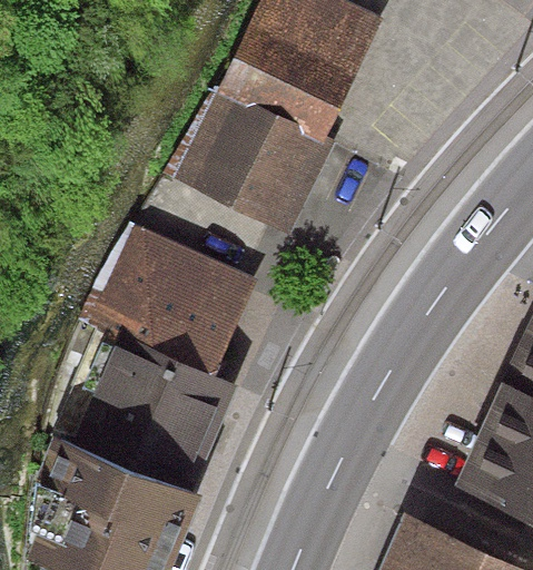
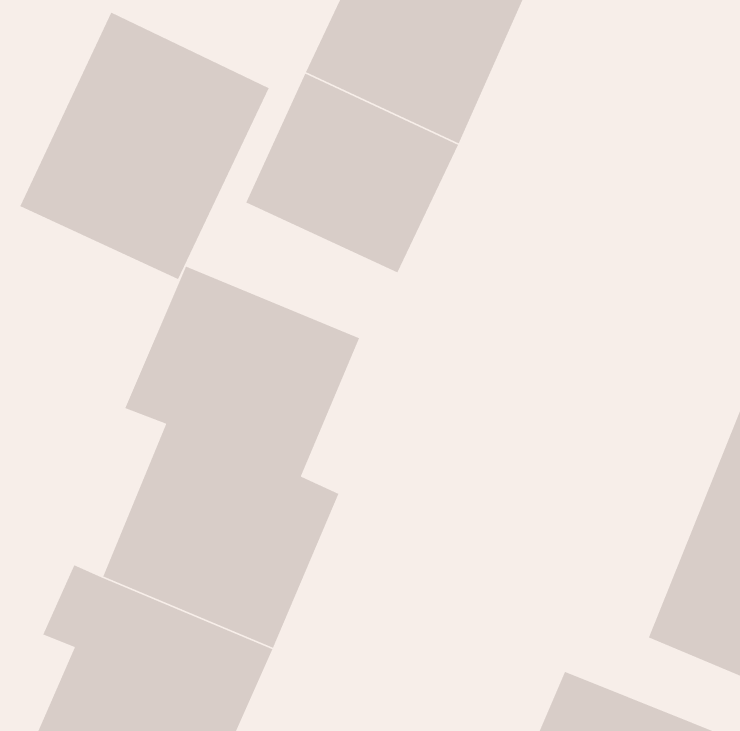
building: none -> [19,11,270,280]

